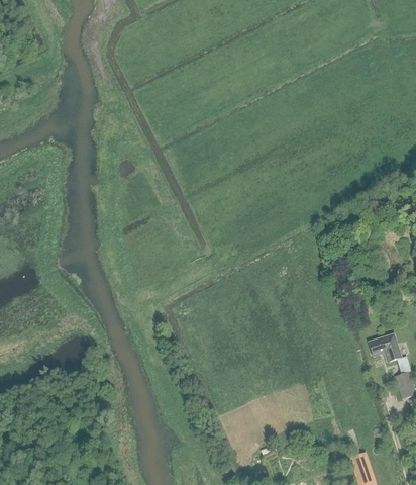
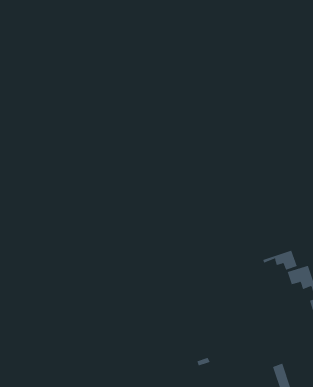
building: none -> [263,250,297,271]

